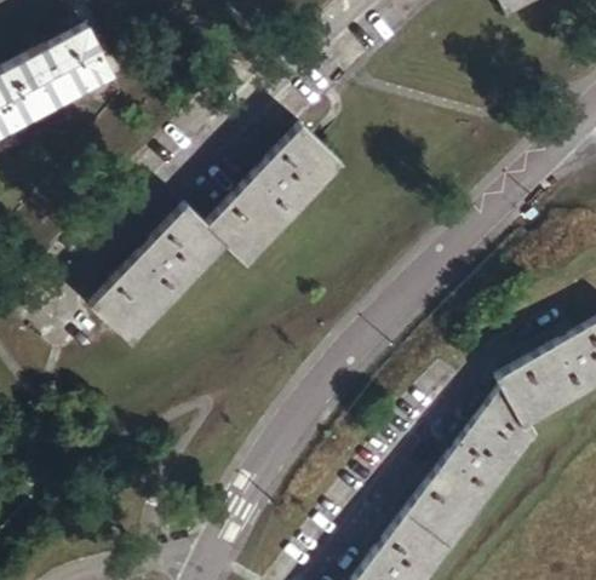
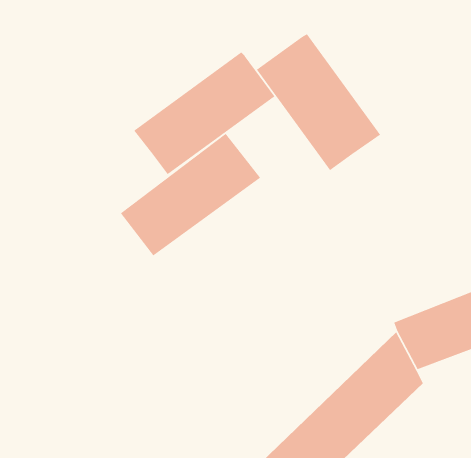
building: none -> [256,33,381,171]
building: [91,205,228,340] -> [120,133,261,257]

